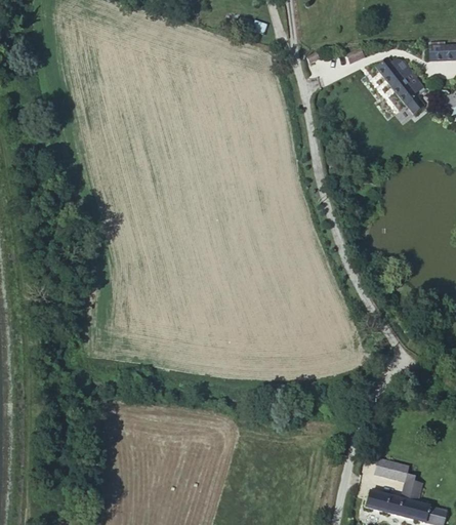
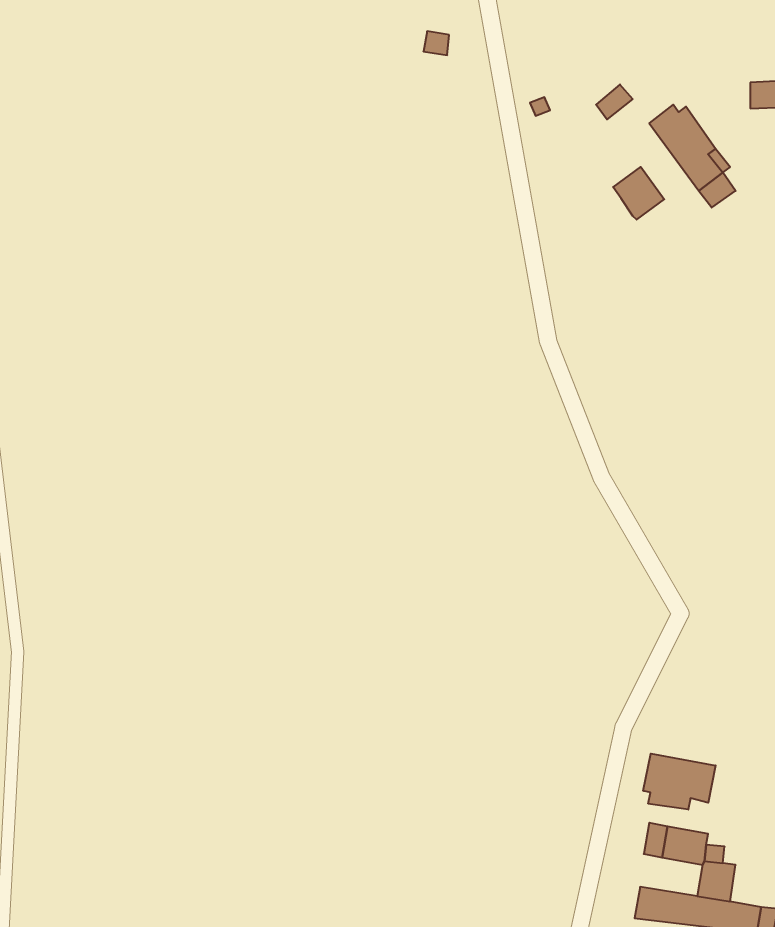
building: none -> [613,167,664,220]
building: none -> [643,754,716,810]

